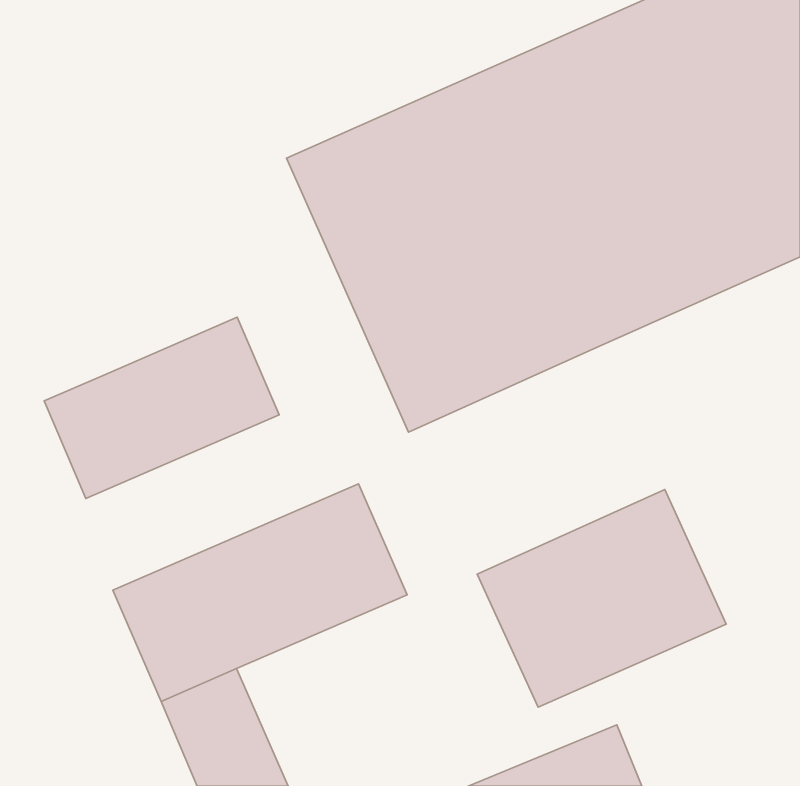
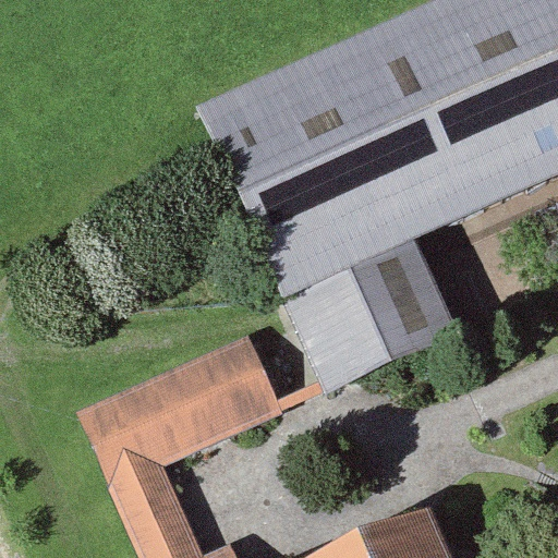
building: [44,317,279,498] -> none
building: [477,490,726,707] -> [284,242,458,393]

